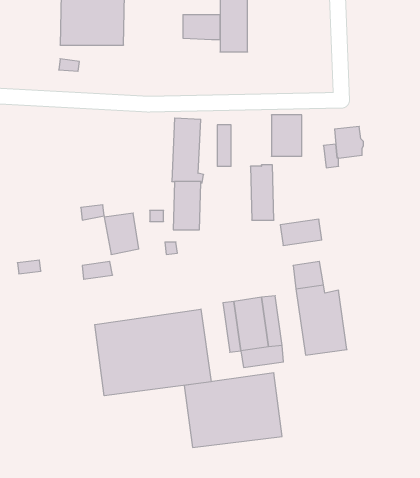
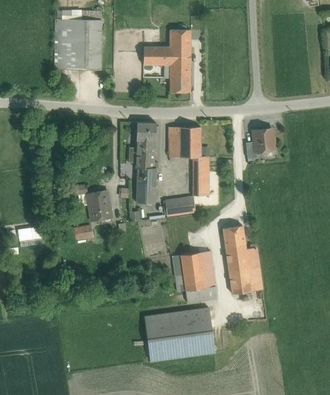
building: none -> [170,74,190,92]
building: [271,115,302,156] -> [178,127,200,157]
building: [280,219,322,245] -> [165,197,195,216]
building: [95,309,211,396] -> none

